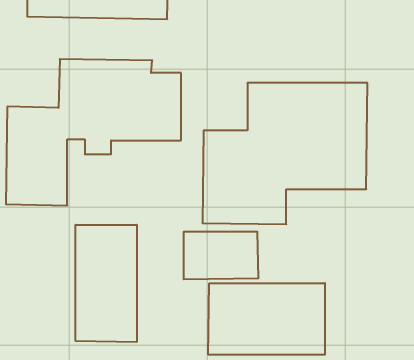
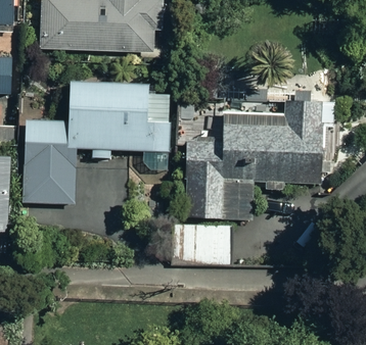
building: [76,225,137,342] -> none
building: [208,283,325,355] -> none

